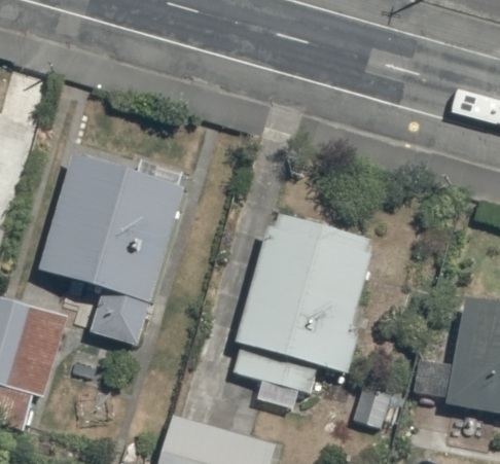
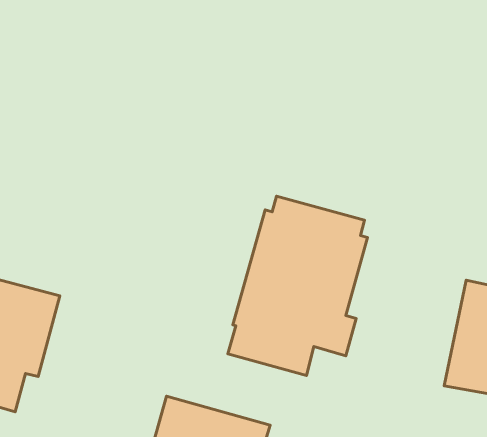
building: [37,154,184,344] -> none

